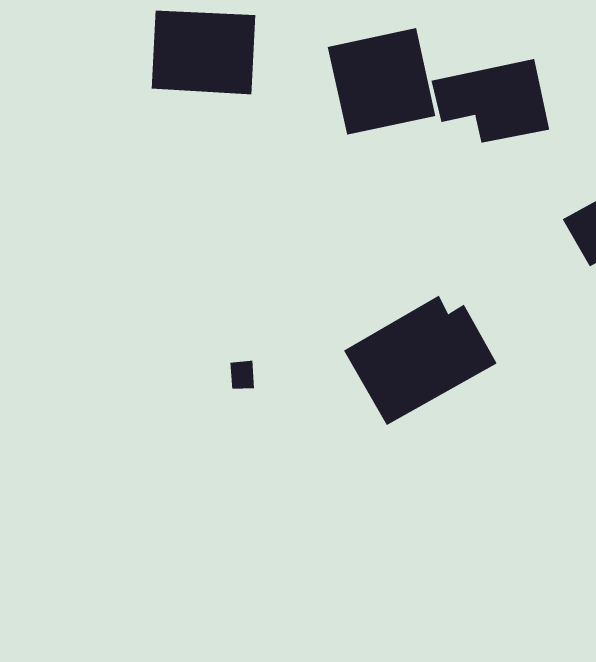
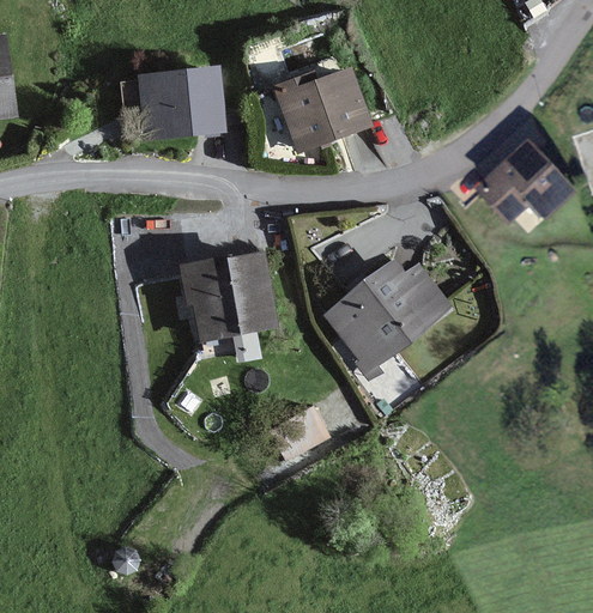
building: [431,58,550,144] -> none
building: none -> [186,255,273,336]

